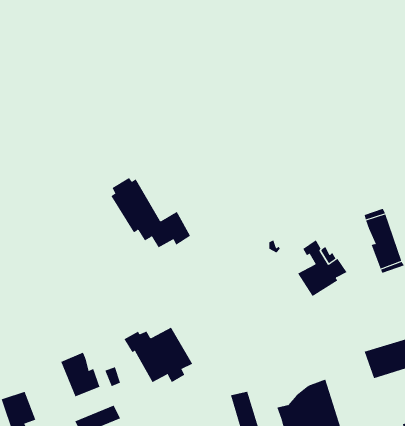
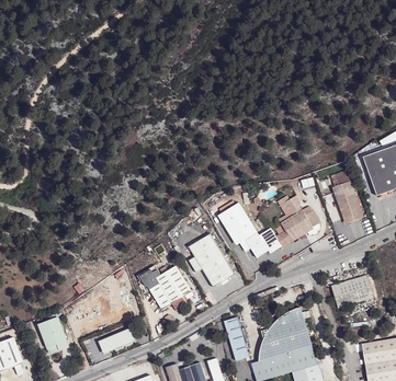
building: [110,177,191,248] -> [217,199,282,256]
building: none -> [188,233,234,286]
building: [60,352,100,397] -> none

